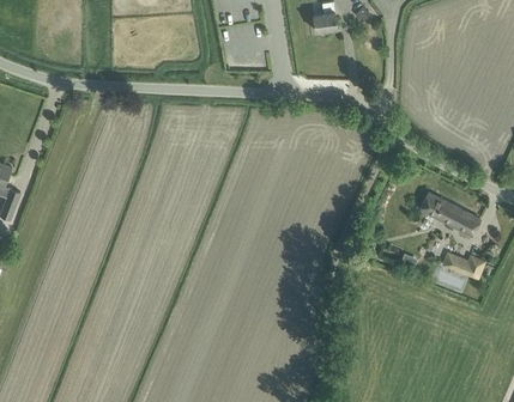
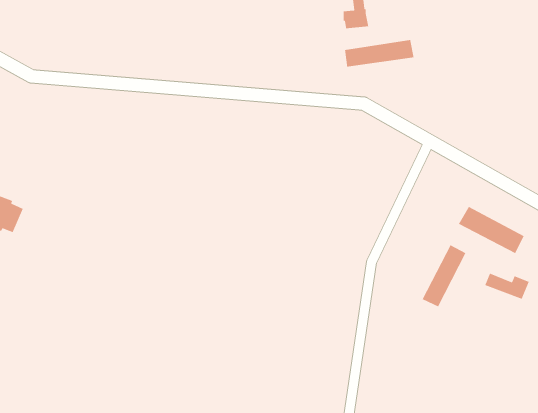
building: none -> [344,39,414,68]
building: none -> [421,244,466,307]

